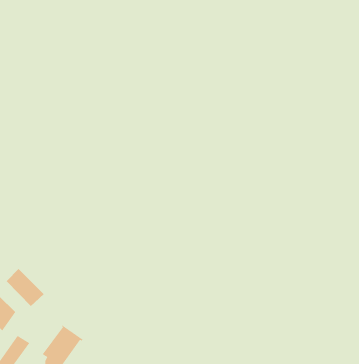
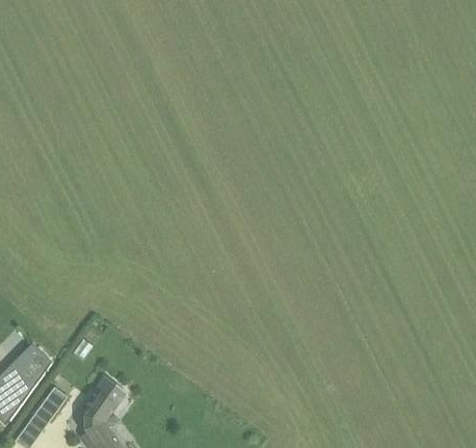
building: [6,268,45,307] -> none

